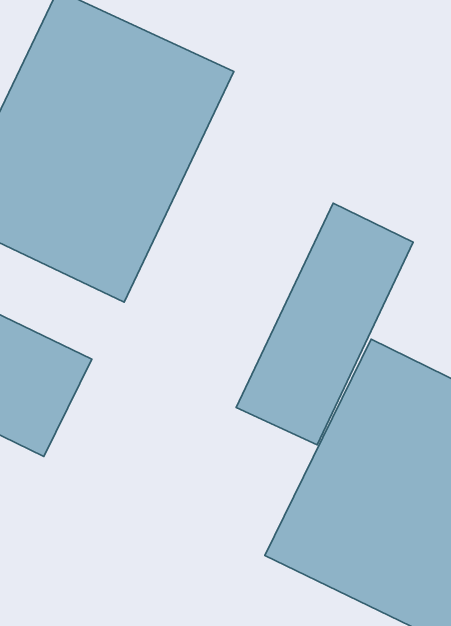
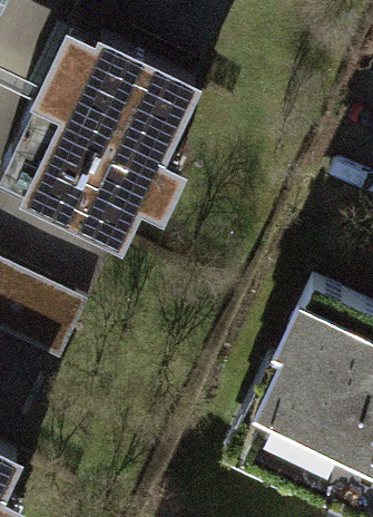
building: [236,203,413,445] -> none

